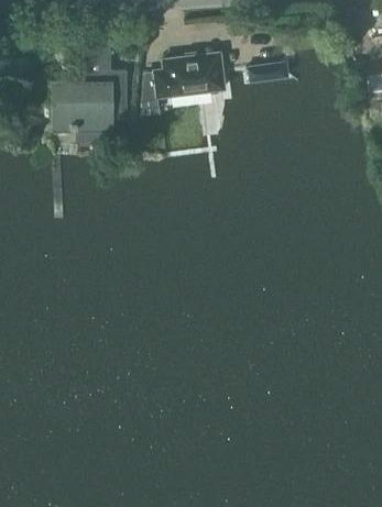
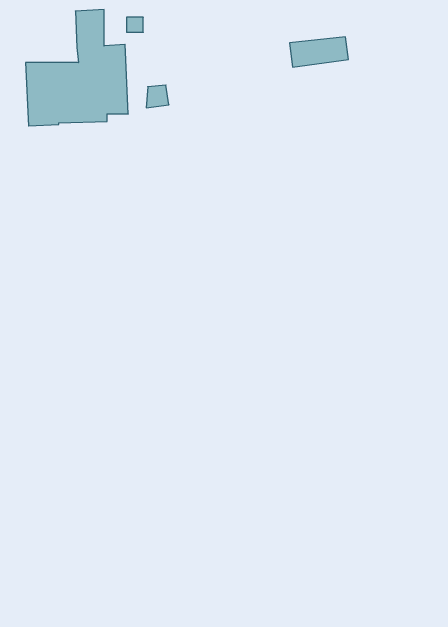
building: [152,54,221,98] -> none

